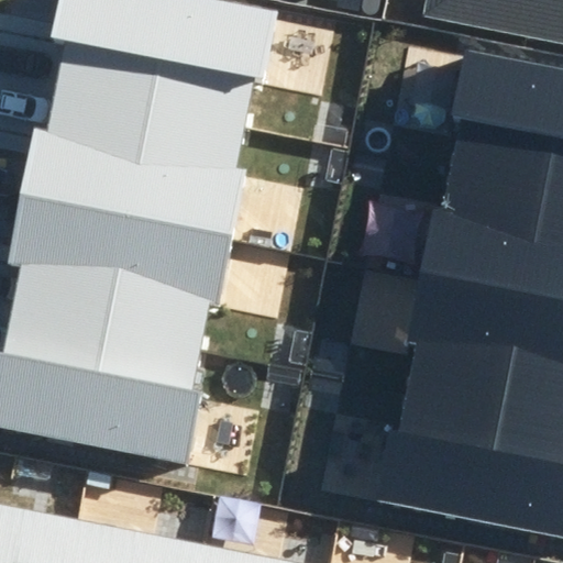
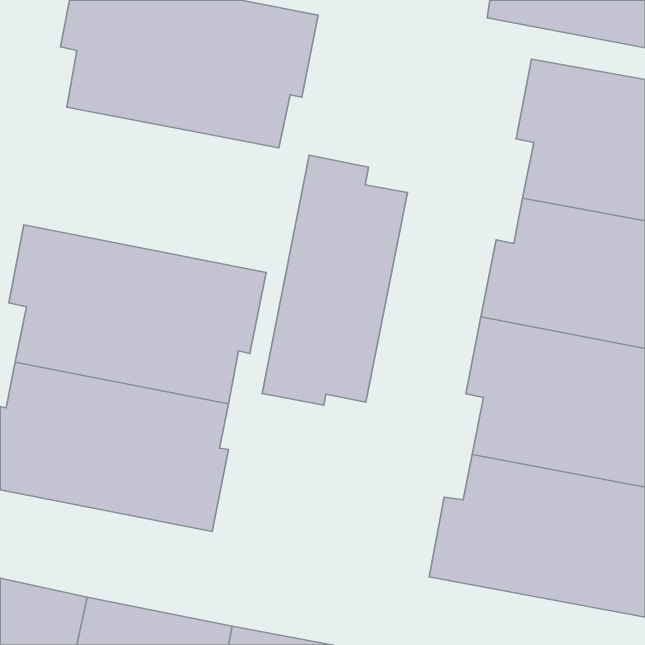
building: [21,93,243,238] -> none
building: none -> [262,155,407,405]

